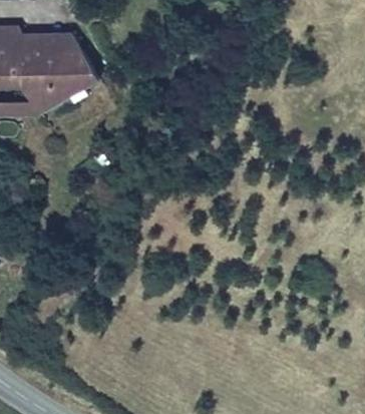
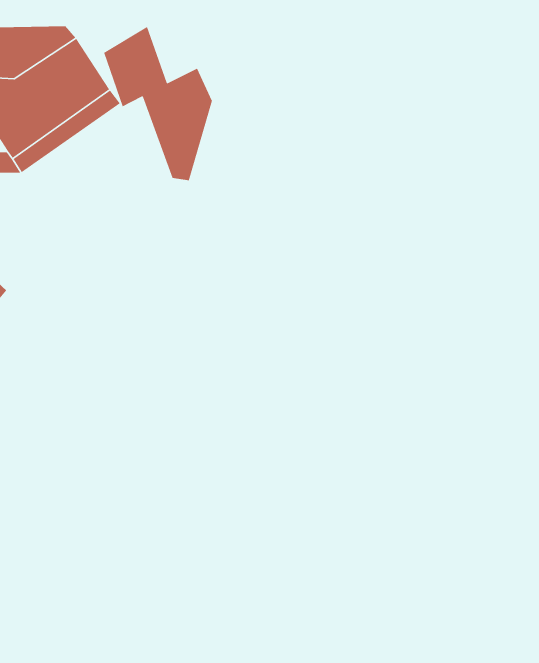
building: none -> [103,26,213,181]

